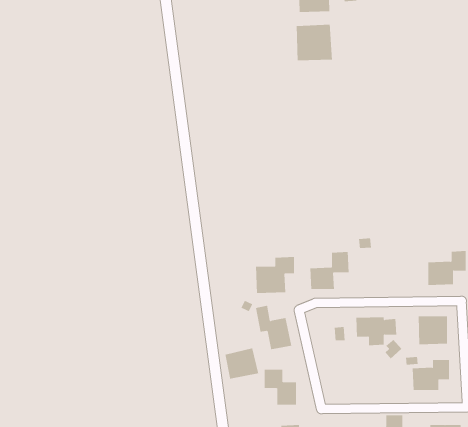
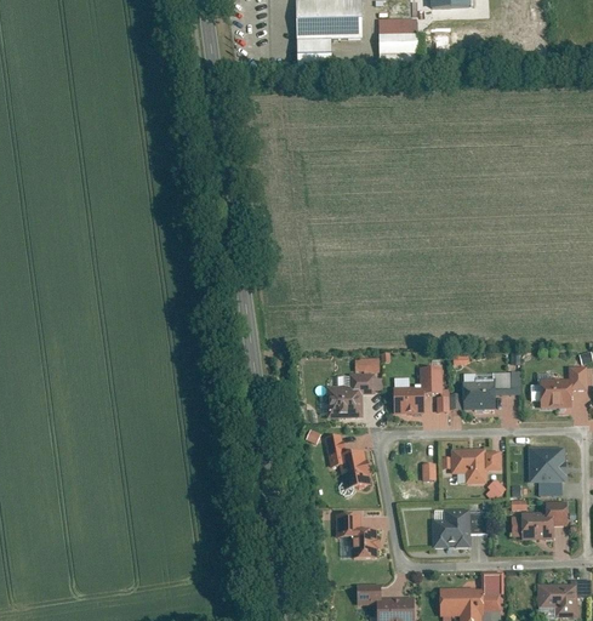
building: [296,24,332,61] -> none
building: none -> [463,371,521,410]
building: [225,347,259,380] -> none
building: none -> [432,508,471,549]

